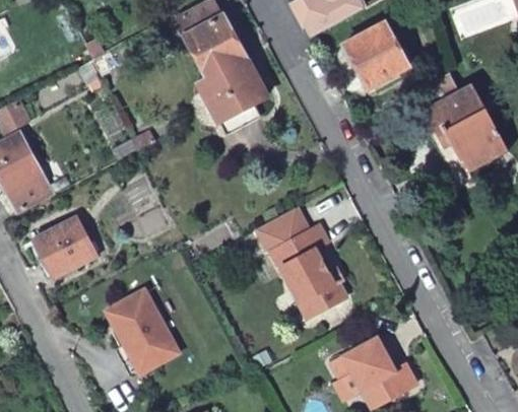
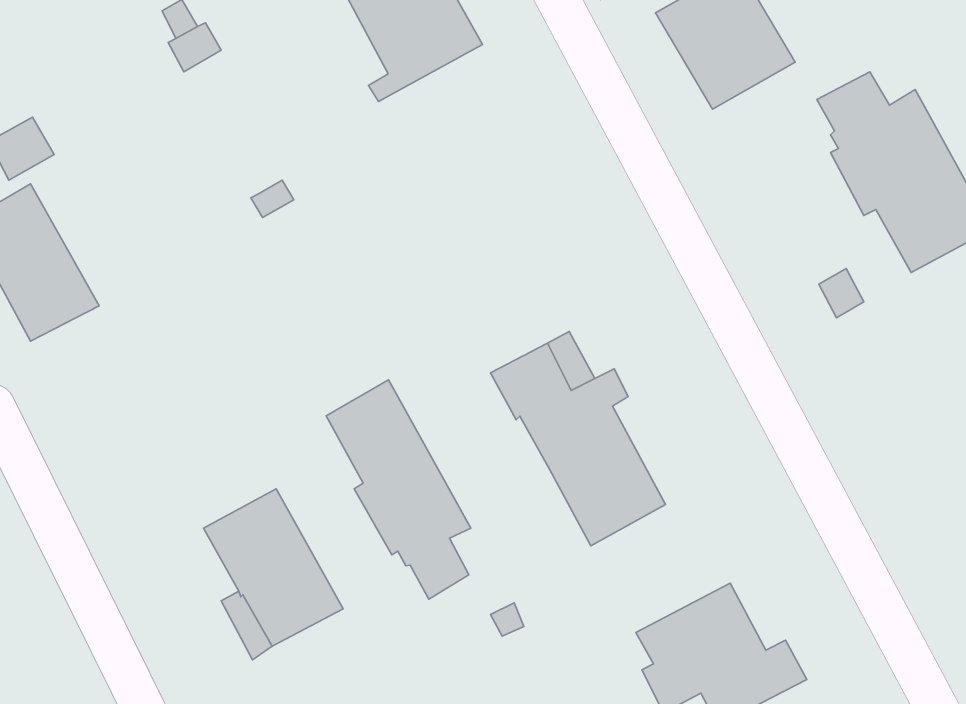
building: [197,59,270,133] -> none
building: [34,217,95,277] -> none
building: none -> [326,380,471,599]

